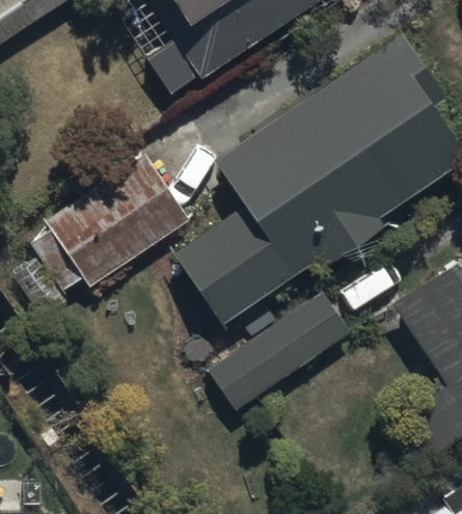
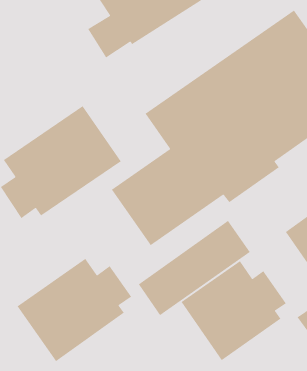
building: none -> [17,258,132,362]
building: none -> [180,260,287,361]

